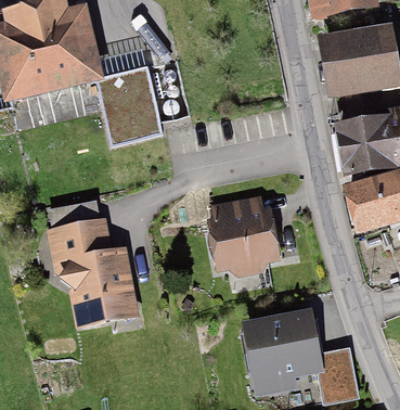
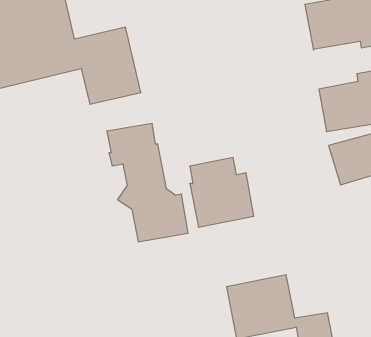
building: [49,201,130,319] -> [107,124,188,242]

